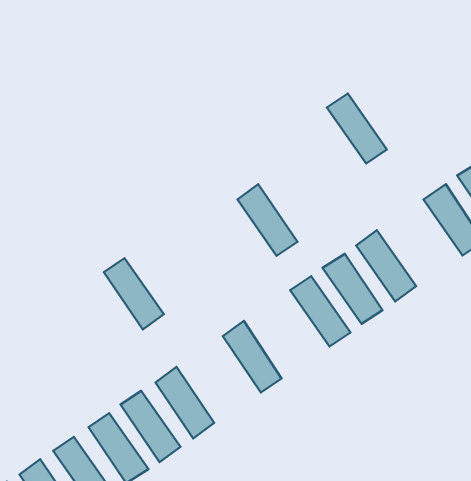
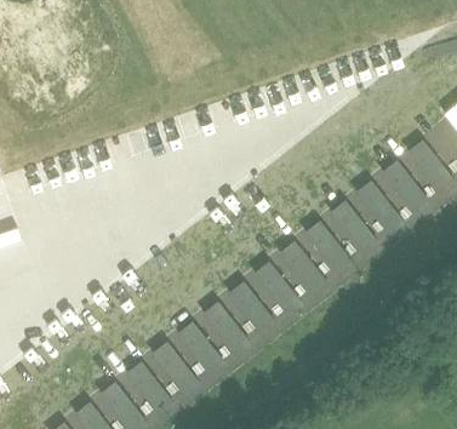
building: [327,93,387,163] -> [353,187,402,241]
building: [237,184,297,256] -> [251,265,301,321]
building: [104,258,164,330] -> [200,305,250,361]

